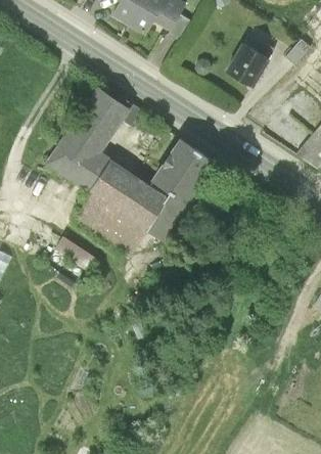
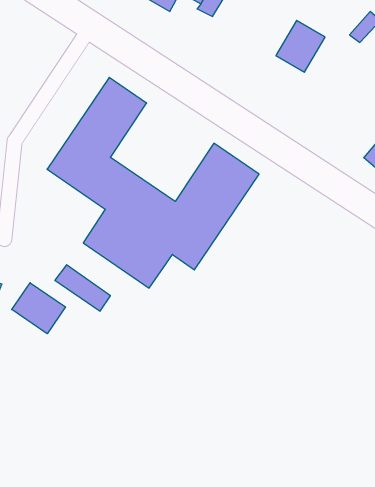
building: none -> [12,283,65,334]

